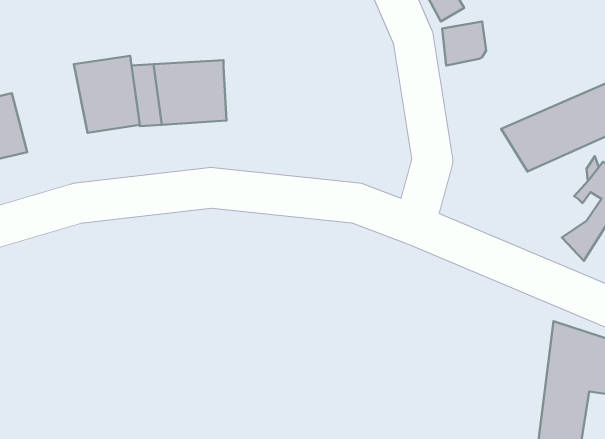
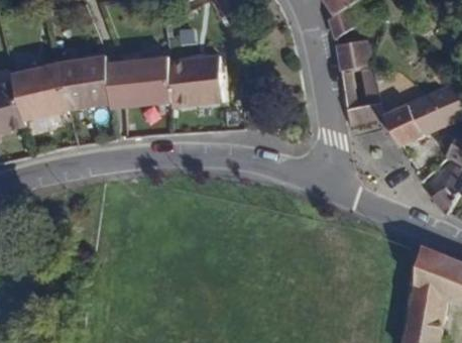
building: none -> [339,58,376,117]
building: none -> [17,62,76,122]
building: none -> [176,62,229,109]

